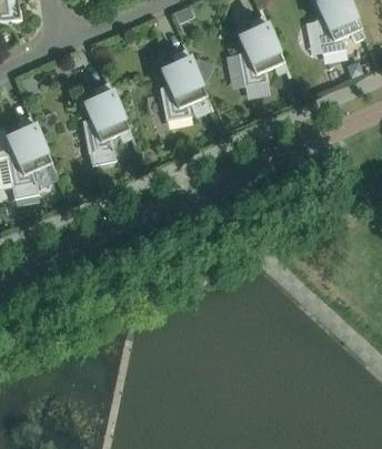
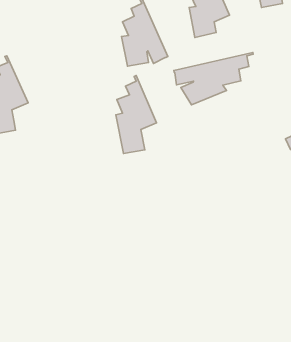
building: [82,75,129,165] -> [116,75,156,154]
building: none -> [174,52,253,105]

